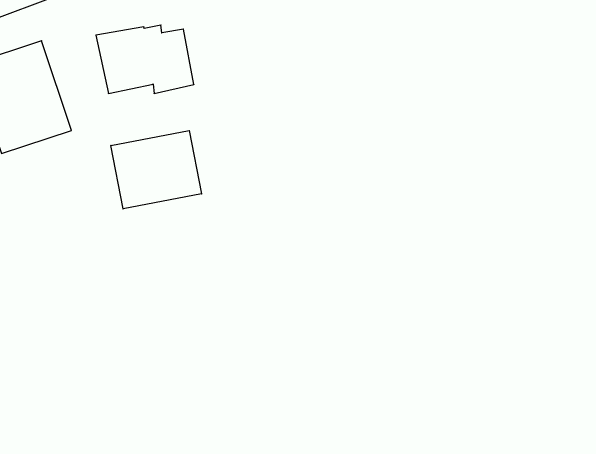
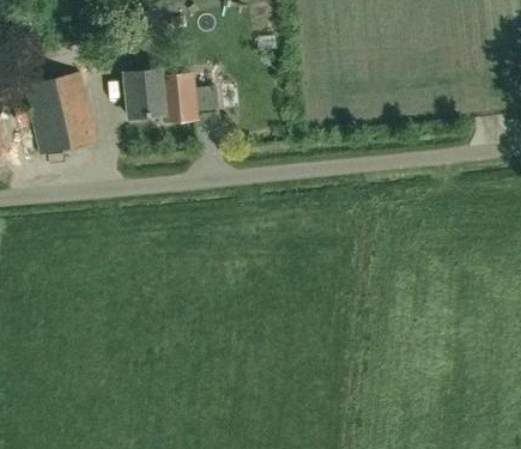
building: [111,131,202,209] -> none

